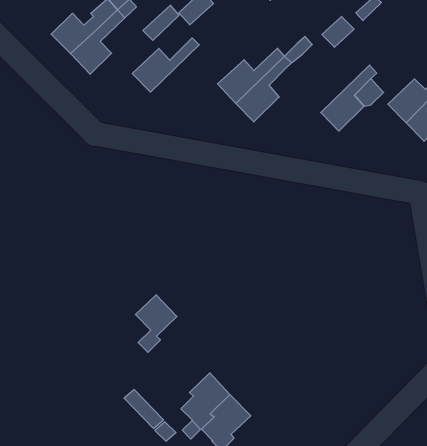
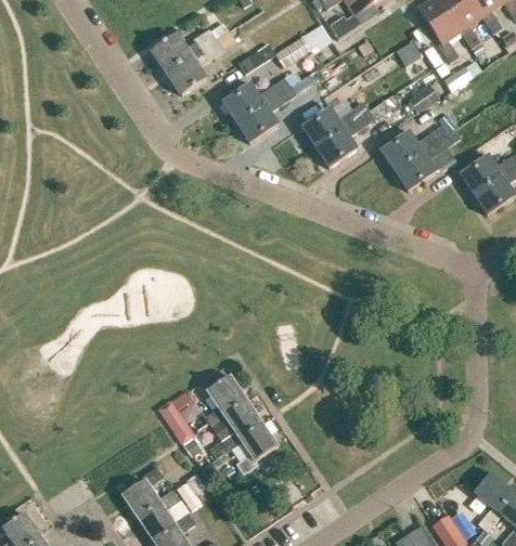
building: none -> [236,77,310,143]
building: none -> [380,126,449,170]
building: [135,295,177,352] -> [205,375,246,428]

